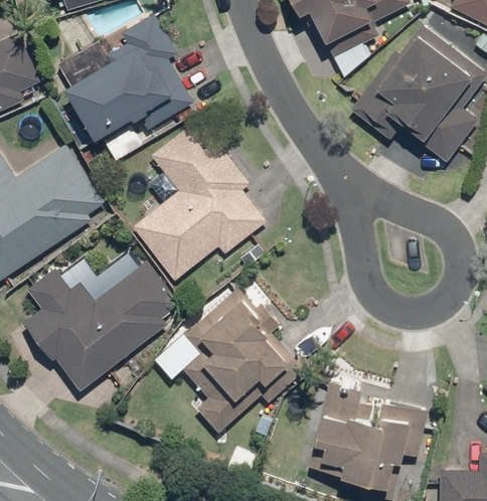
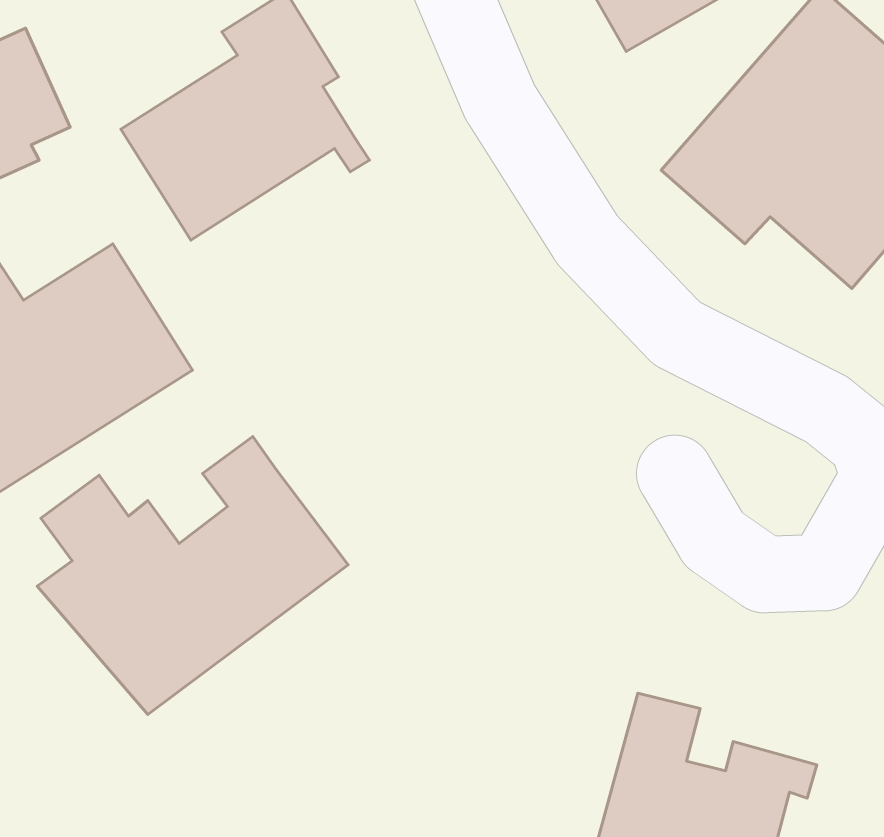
building: [133,120,265,280] -> none
building: [159,290,296,431] -> none

